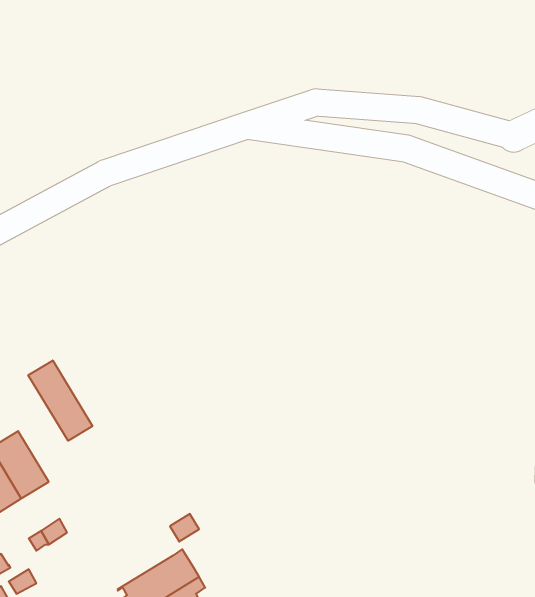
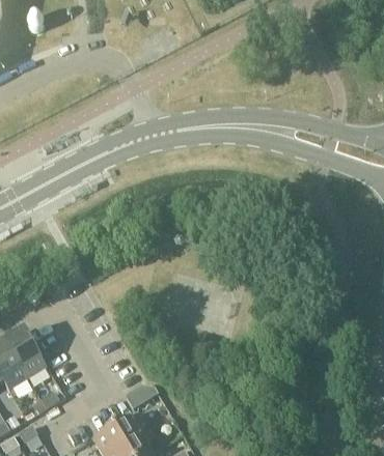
building: [28,360,92,441] -> none

